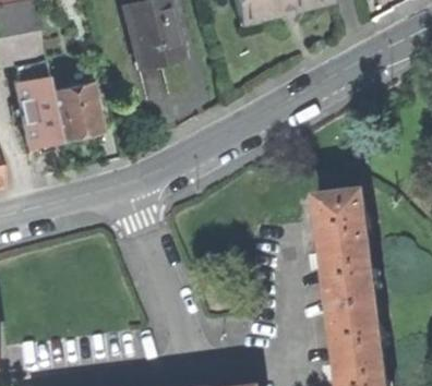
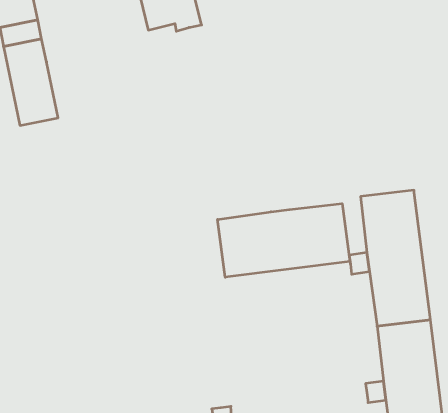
building: [47,75,97,132] -> none
building: none -> [218,204,350,277]

